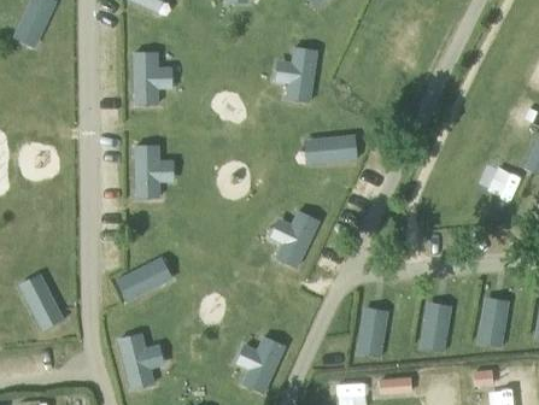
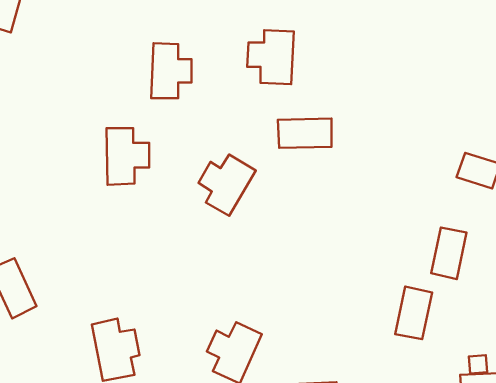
building: [130,51,170,105] -> [151,43,192,98]
building: [265,209,322,269] -> [198,155,256,216]
building: [112,258,172,303] -> none
building: [476,297,511,347] -> [431,228,467,279]
building: [356,307,387,358] -> none

